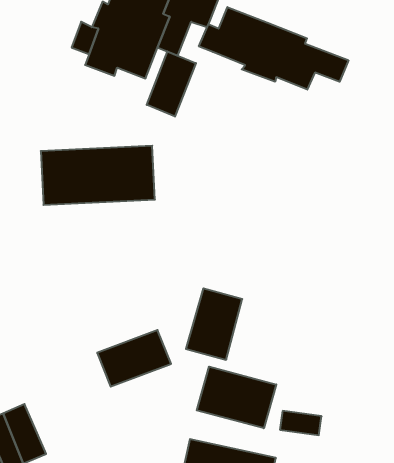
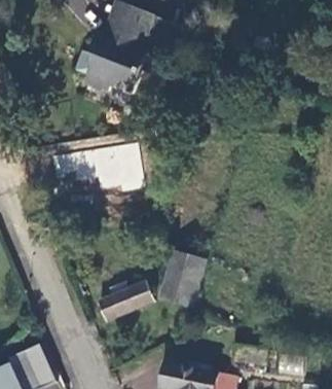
building: [199,7,348,90] -> none
building: [147,51,196,117] -> none
building: [197,367,276,428] -> none

